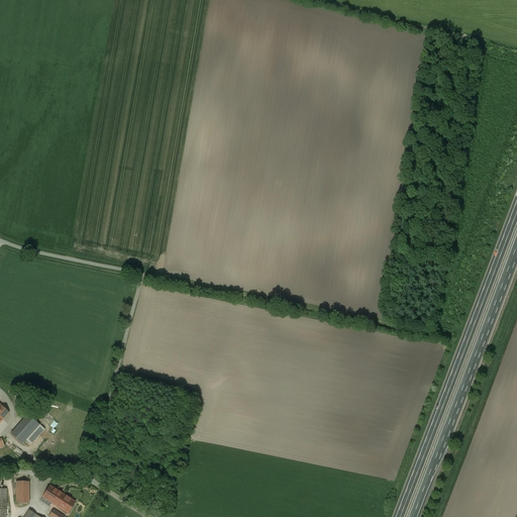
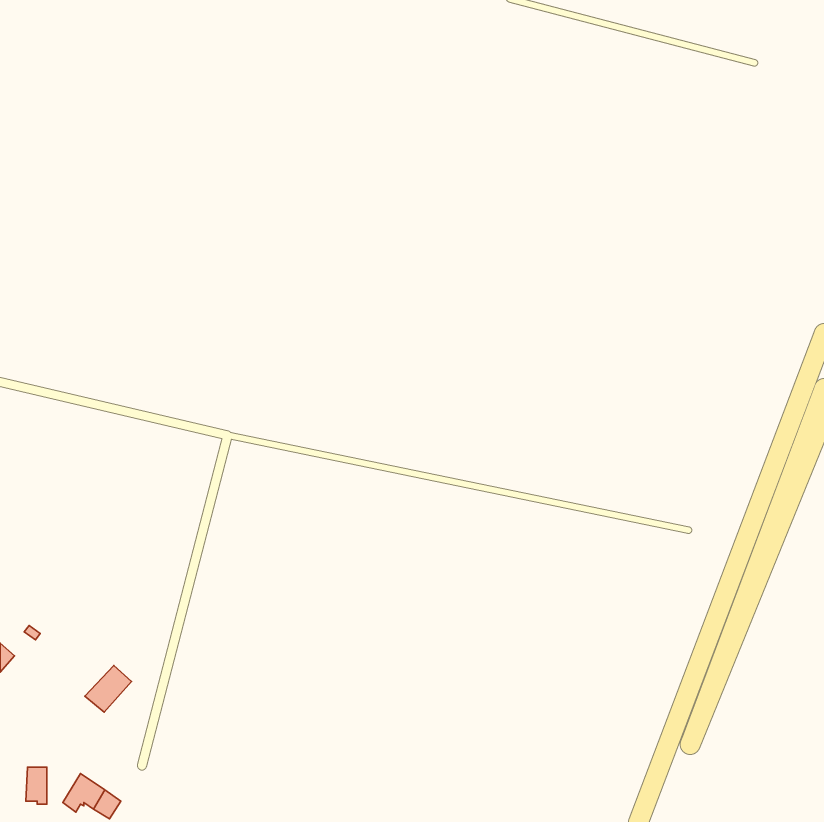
building: [10,414,39,443] -> [85,665,132,712]

